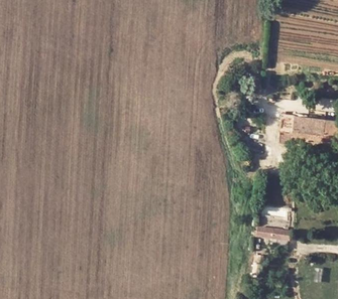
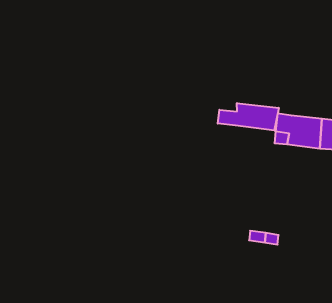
building: none -> [218,103,279,130]

